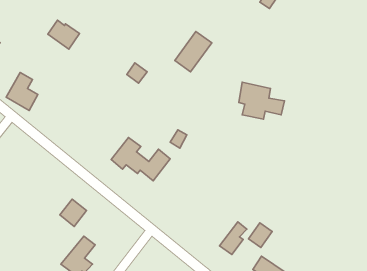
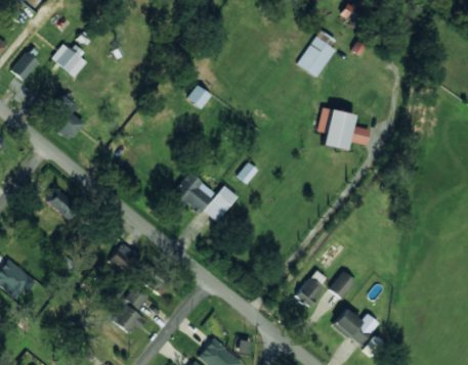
building: [48,20,80,49] -> [52,43,89,77]
building: [175,32,212,72] -> [297,30,340,77]
building: none -> [45,188,82,222]

